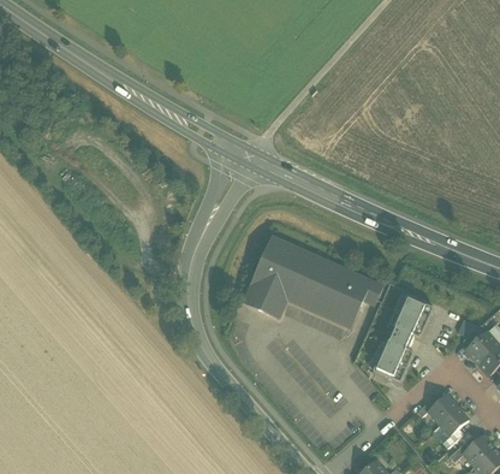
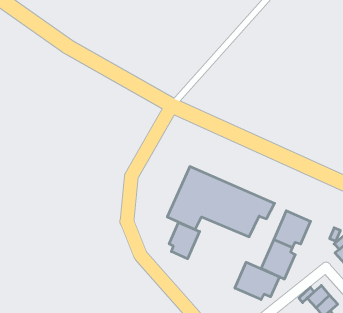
building: none -> [169,222,200,259]
building: none -> [235,262,280,300]

